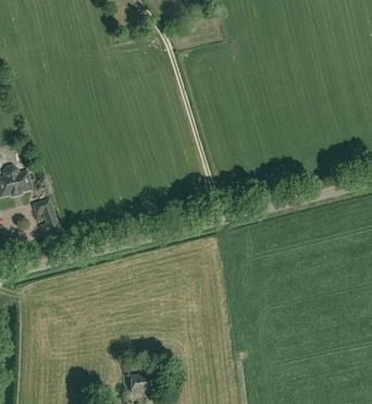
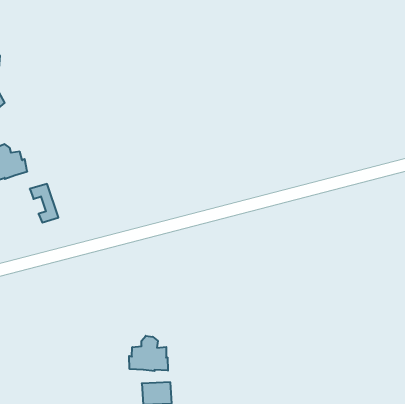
building: none -> [129,336,168,371]

